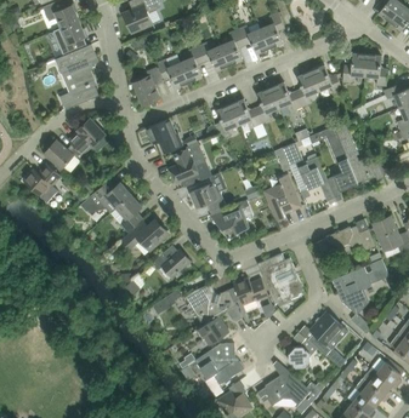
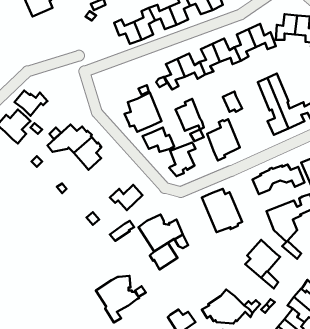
building: [56,46,97,108] -> none
building: [134,68,161,104] -> none
building: [68,118,104,155] -> none
building: [146,119,181,153] -> none
building: [296,153,329,189] -> [175,99,204,131]
building: [120,221,166,251] -> none
building: [232,276,268,305] -> none
building: [286,337,317,367] -> none
building: [194,343,244,396] -> [96,276,139,322]

